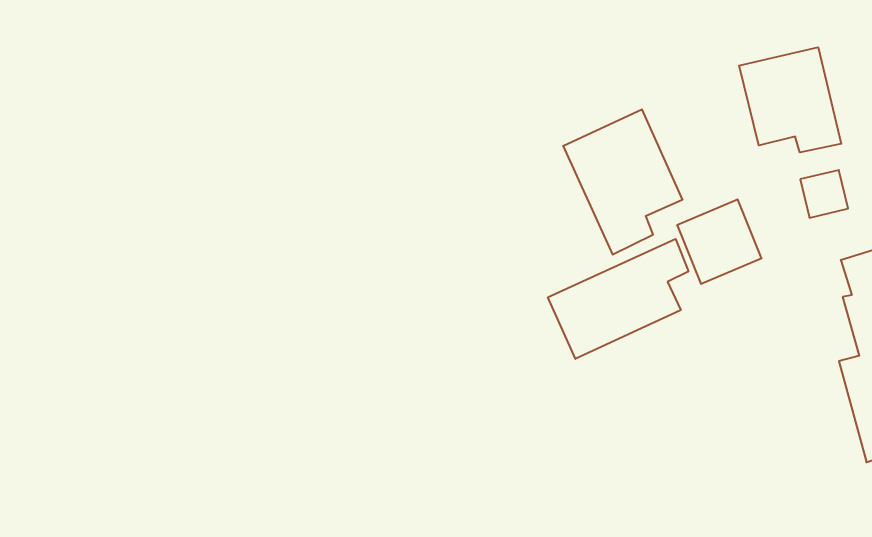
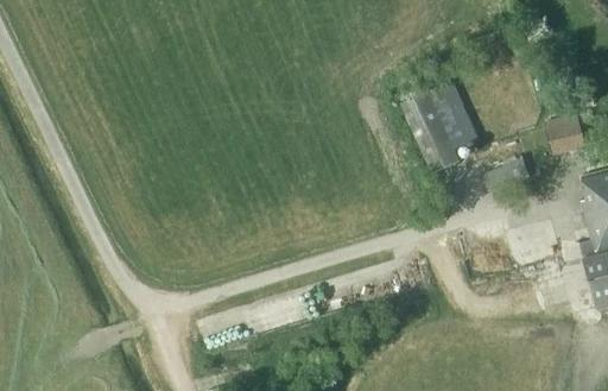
building: [739,47,841,152] -> none
building: [548,239,688,359] -> none

